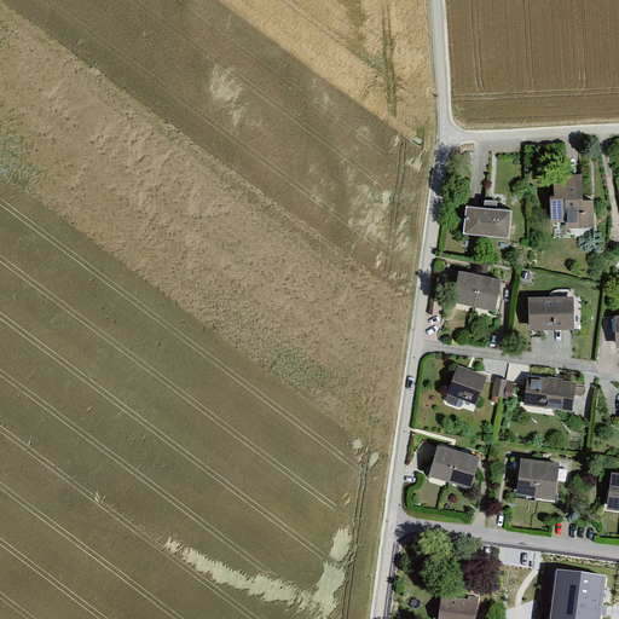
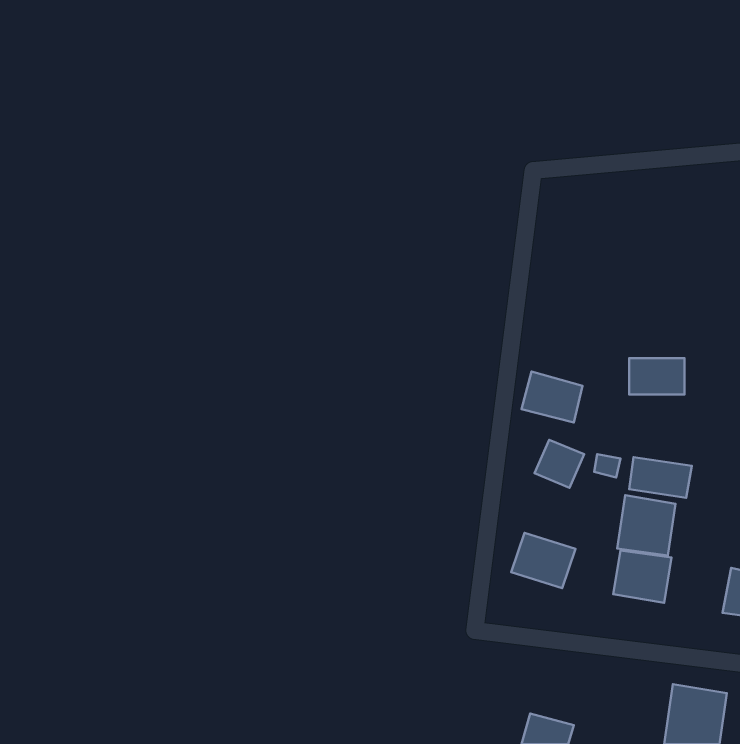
building: [553,172,600,230] -> none
building: [461,207,509,239] -> none
building: [450,270,501,312] -> [521,371,583,422]
building: none -> [617,495,675,556]

